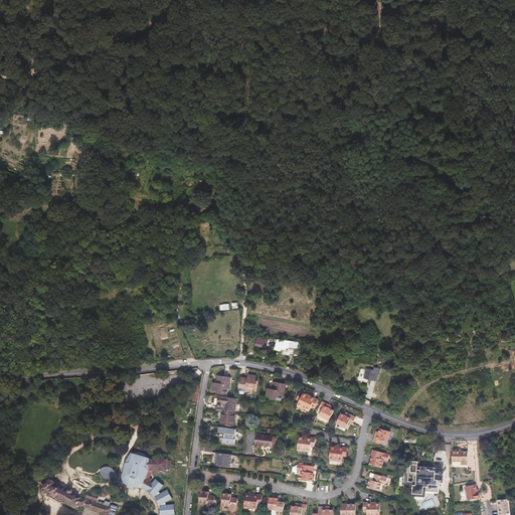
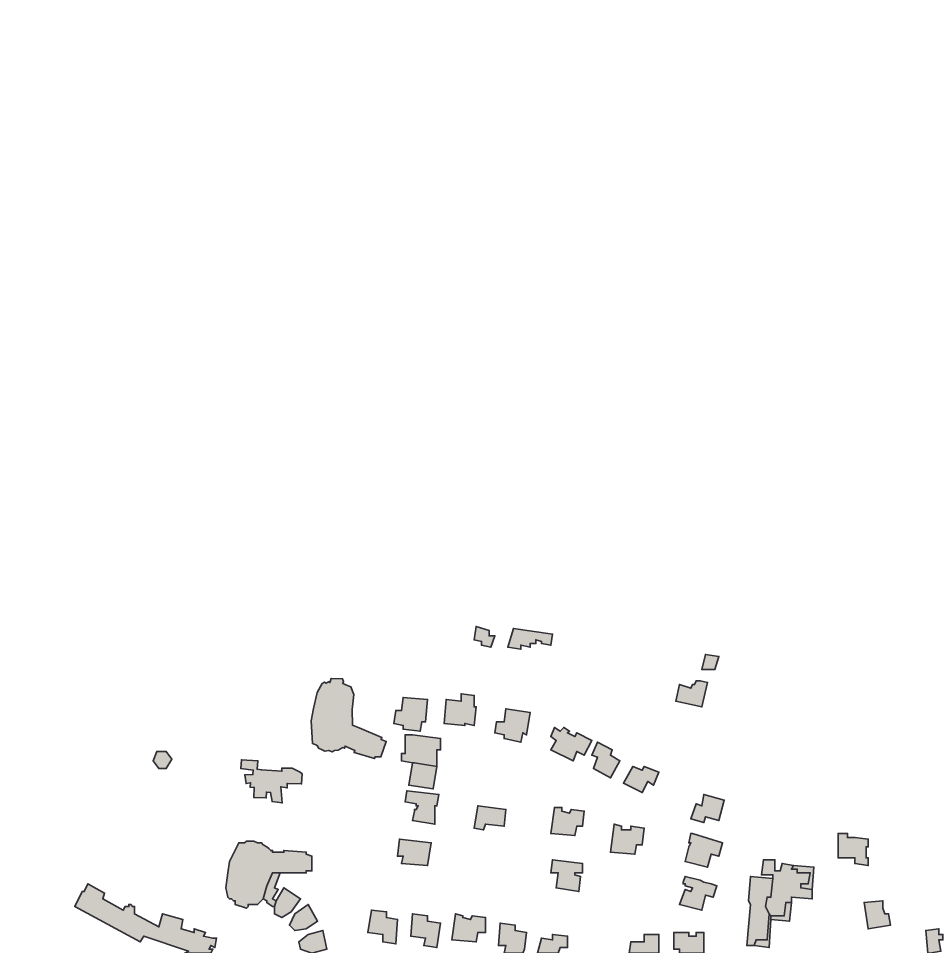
building: none -> [311,679,386,759]
building: none -> [241,760,302,803]

